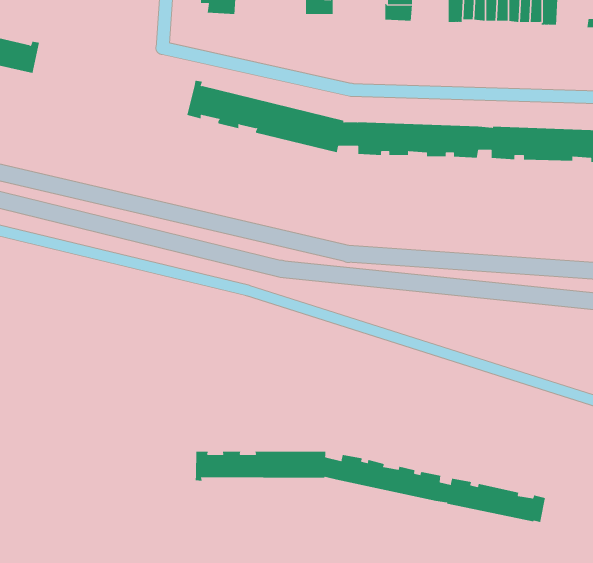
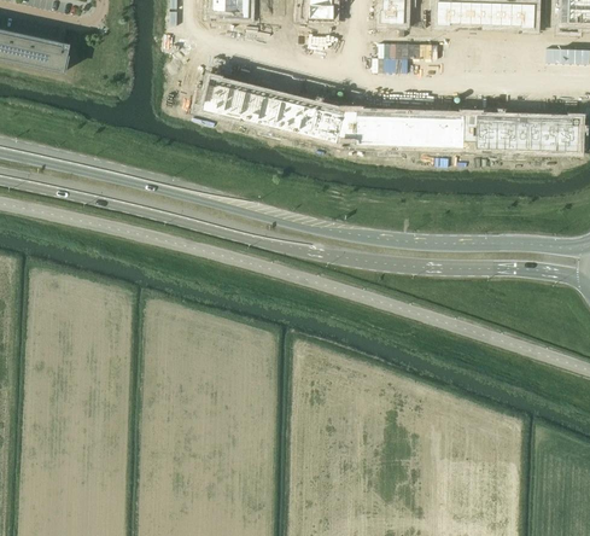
building: [195,451,546,523] -> none

